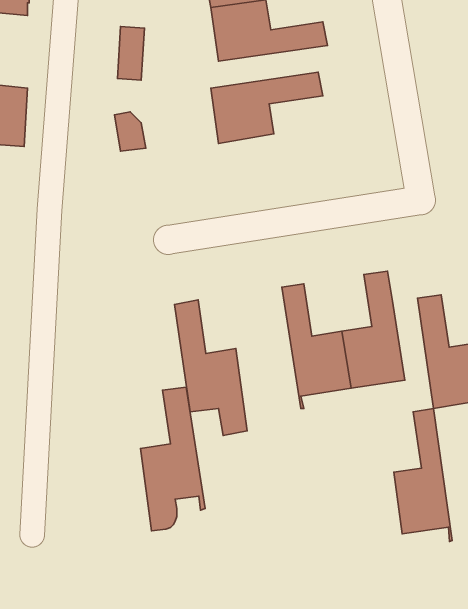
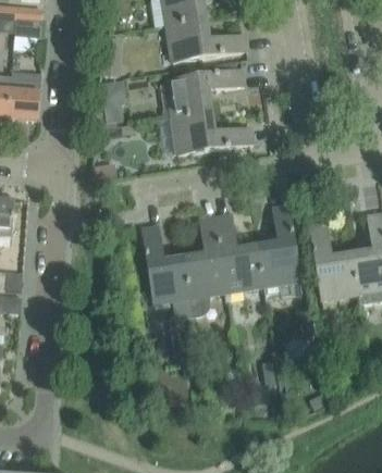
building: none -> [171,109,251,152]
building: [140,387,205,531] -> [183,214,227,313]
building: [394,409,452,541] -> none

